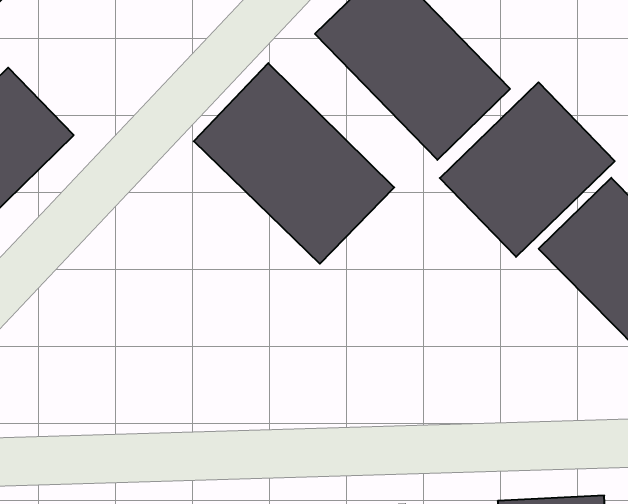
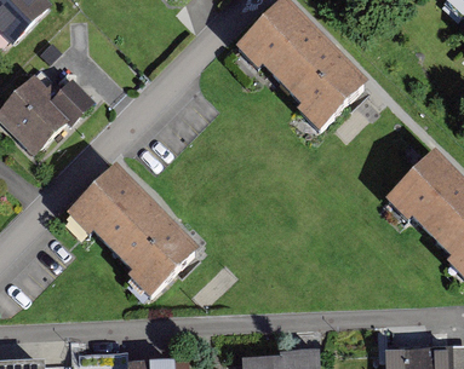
building: [194,63,394,264] -> [70,152,207,289]
building: [440,82,615,257] -> none

